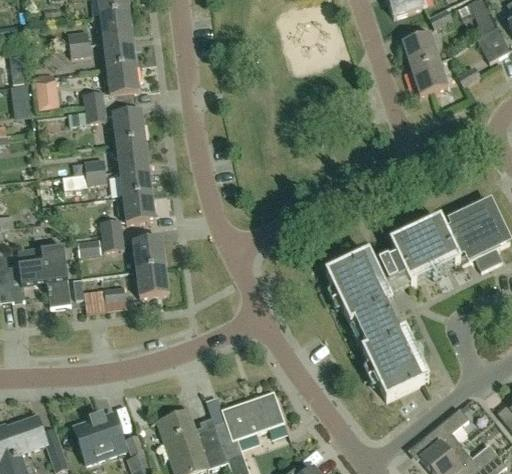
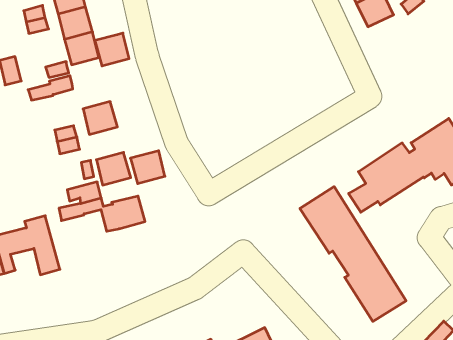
building: [112,111,145,142] -> [95,33,129,66]
building: [119,165,152,196] -> [130,151,165,184]
building: [137,266,169,297] -> none
building: [84,286,127,313] -> none

